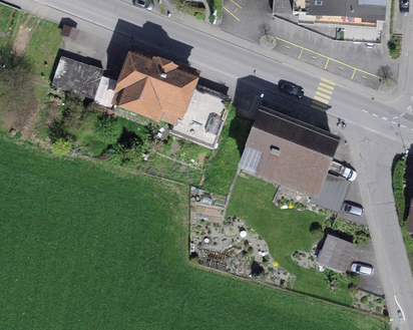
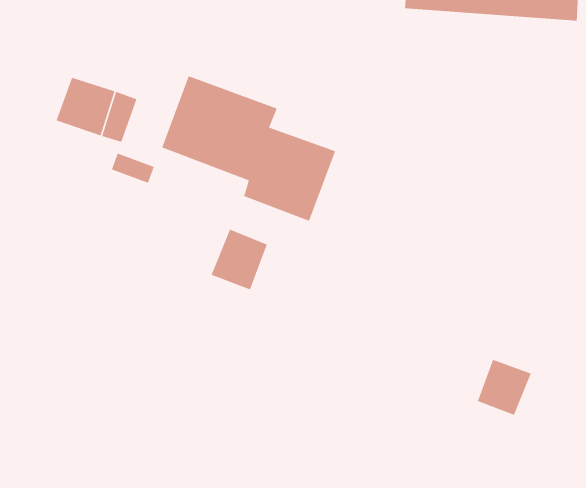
building: [244,113,349,211] -> none
building: none -> [210,228,268,290]

